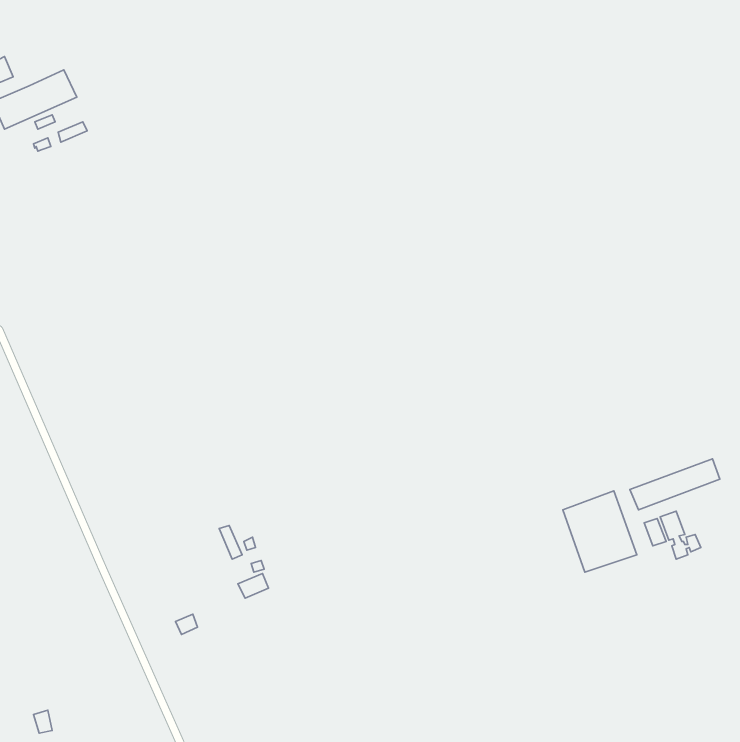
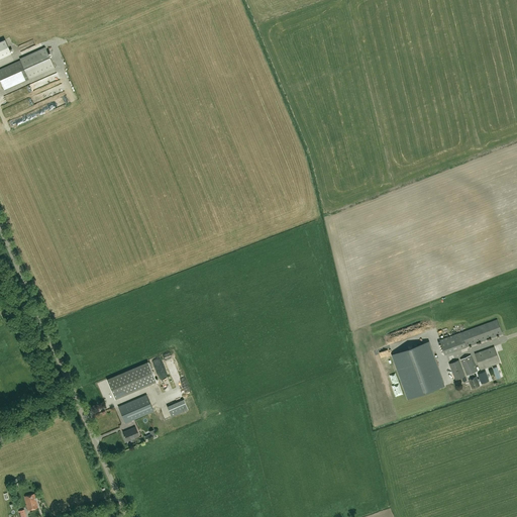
building: none -> [474,346,499,371]
building: none -> [105,363,156,400]
building: none -> [117,395,152,423]

